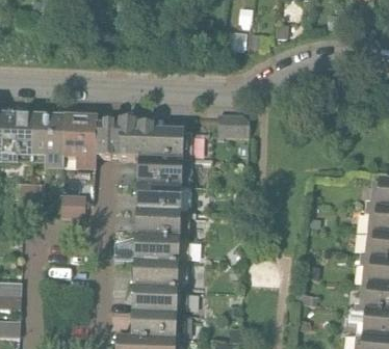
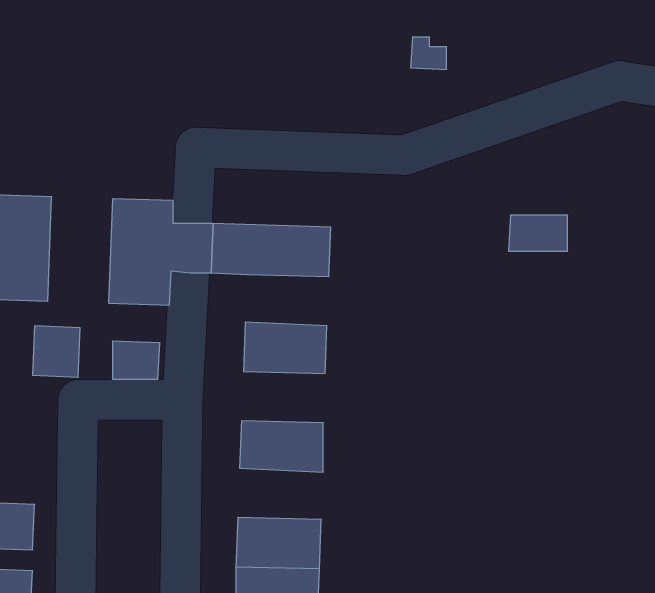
building: [27,111,62,169] -> none
building: [218,112,251,132] -> [509,215,568,251]
building: [135,154,181,182] -> none
building: [133,207,179,235] -> none
building: [131,260,178,288] -> none

